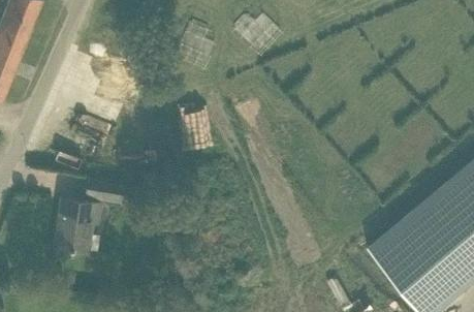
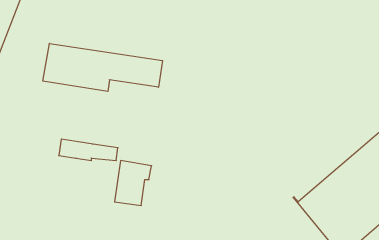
building: none -> [43,43,163,91]
building: [55,198,99,252] -> [115,161,152,205]

